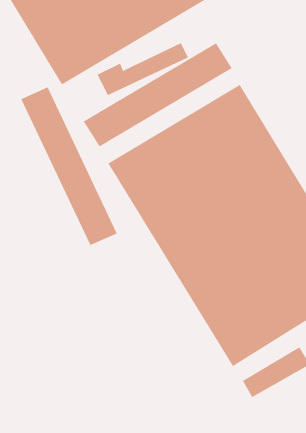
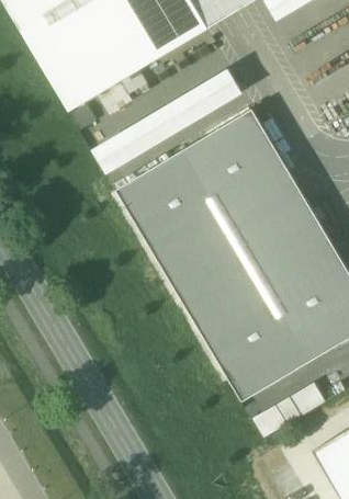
building: [21,87,118,246] -> none

